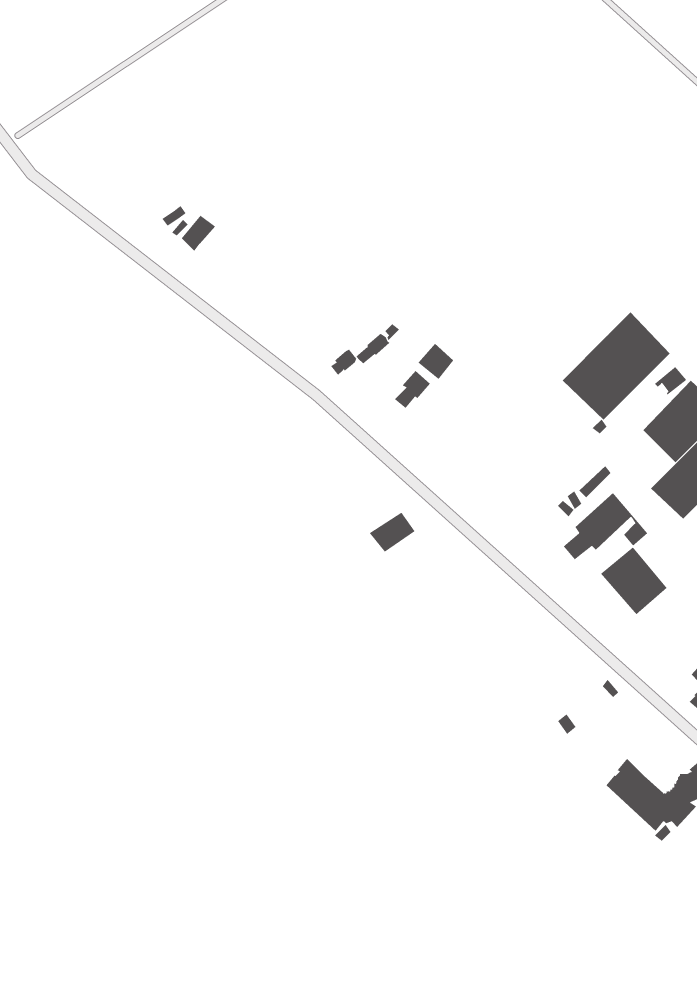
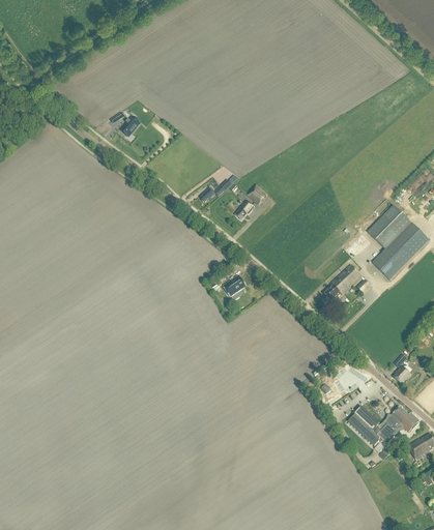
building: [562,312,671,420] -> none
building: [600,547,667,615] -> none

